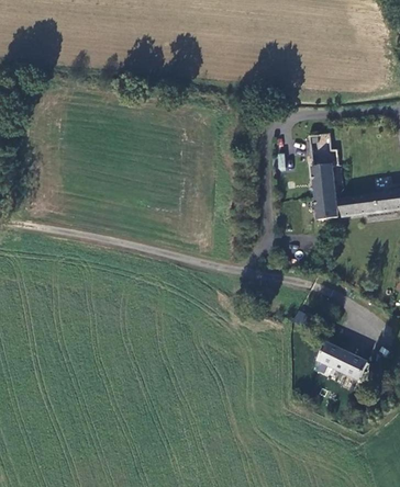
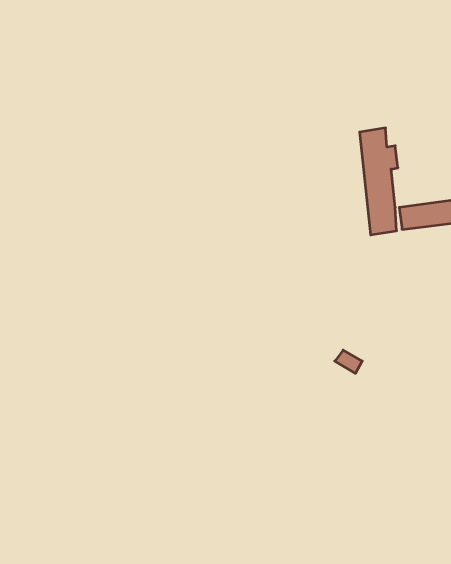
building: [315,343,366,381] -> none

